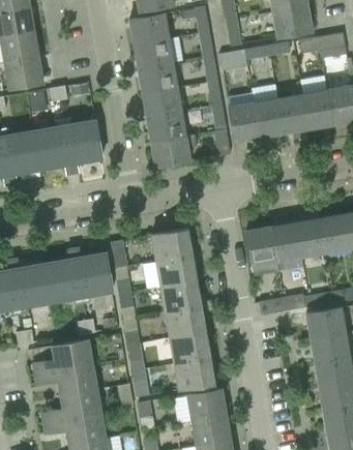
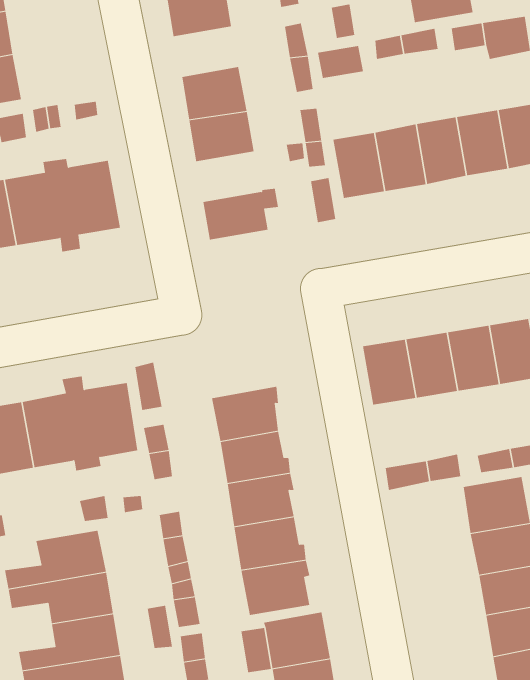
building: [134,39,173,69] -> none
building: [147,114,186,144] -> none
building: [152,228,196,261] -> none

